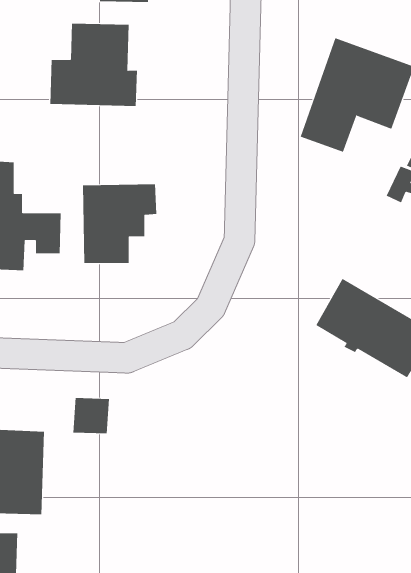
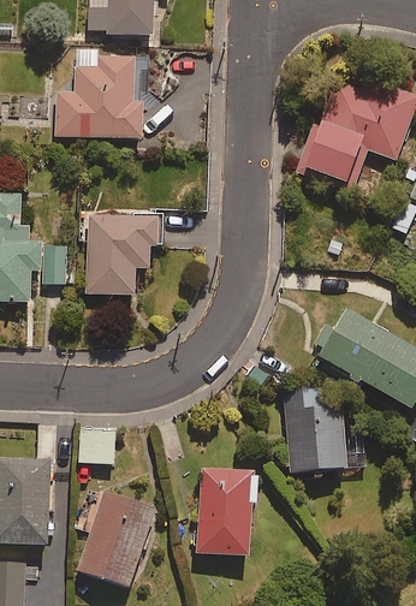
building: none -> [283,385,346,476]
building: none -> [196,468,257,556]
building: none -> [77,491,154,587]

